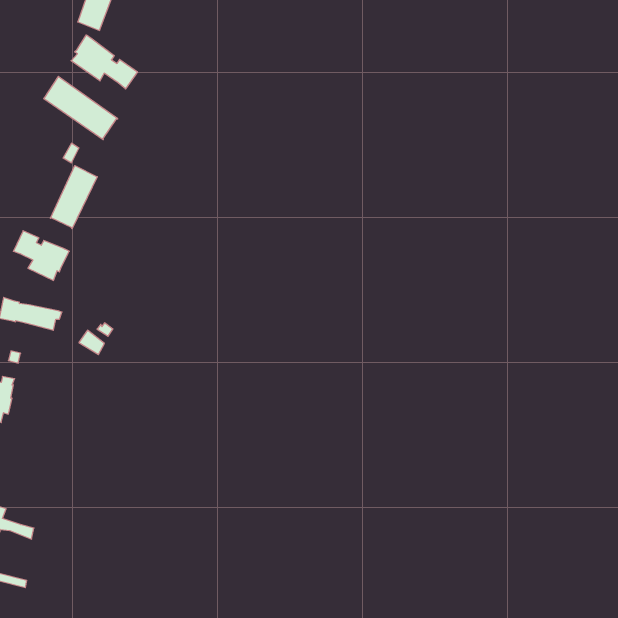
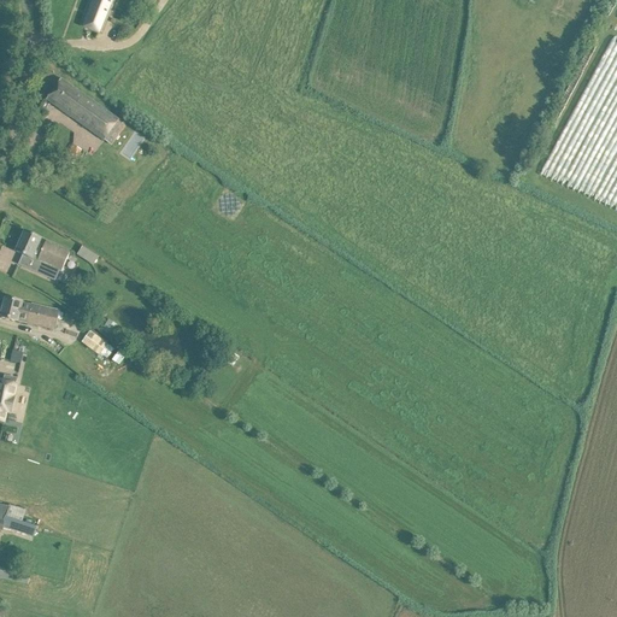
building: [71,35,137,89] -> none
building: [50,166,97,229] -> none

